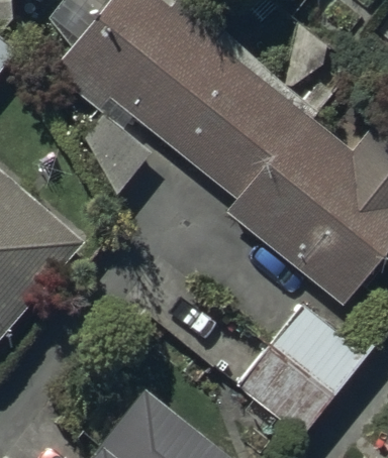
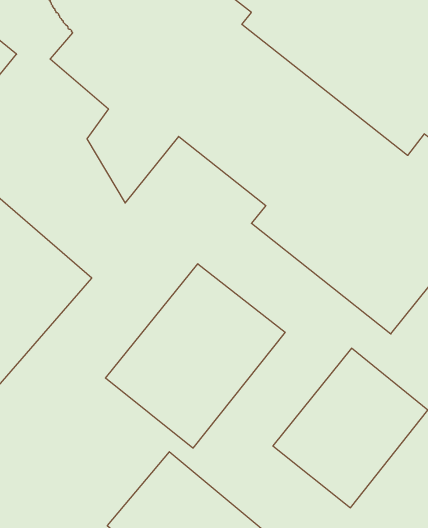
building: none -> [105,264,285,448]

